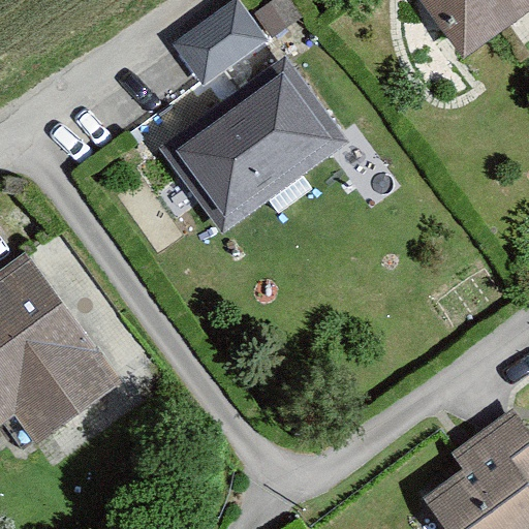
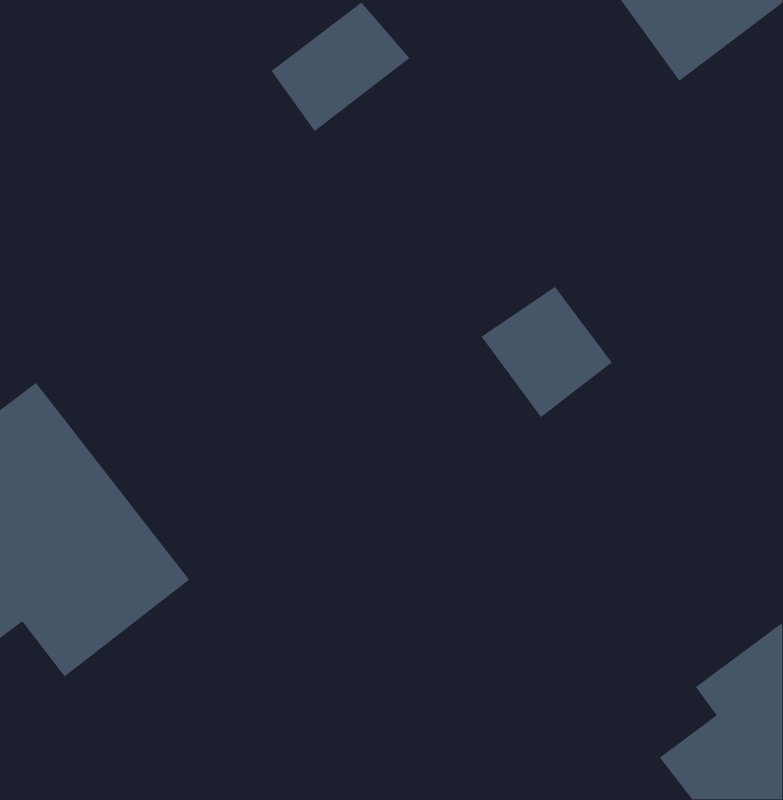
building: [161,61,346,236] -> none
building: none -> [481,286,613,418]

